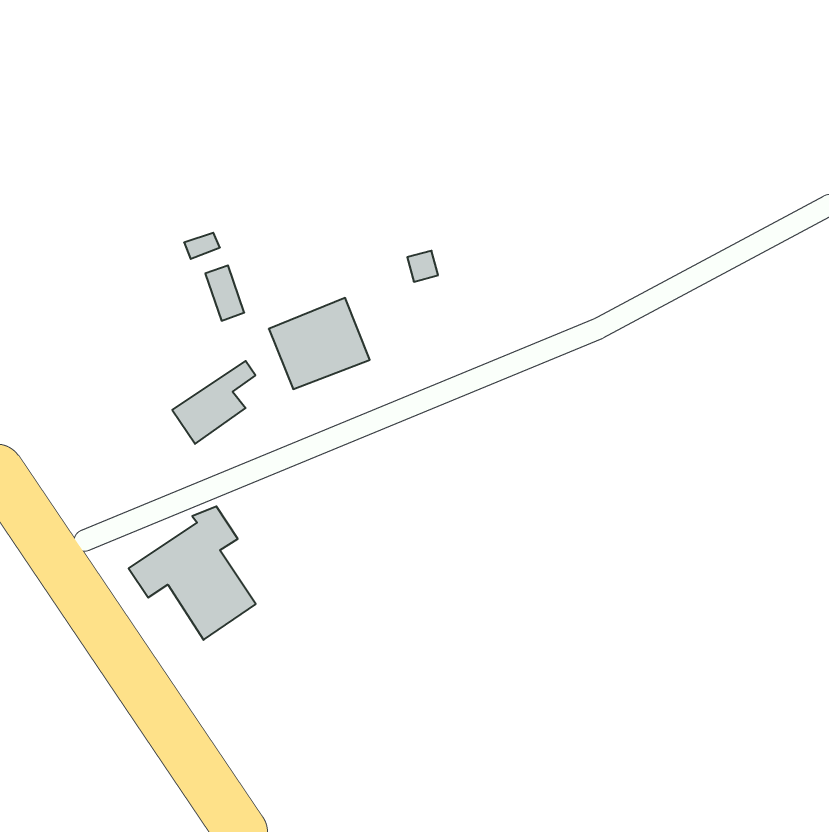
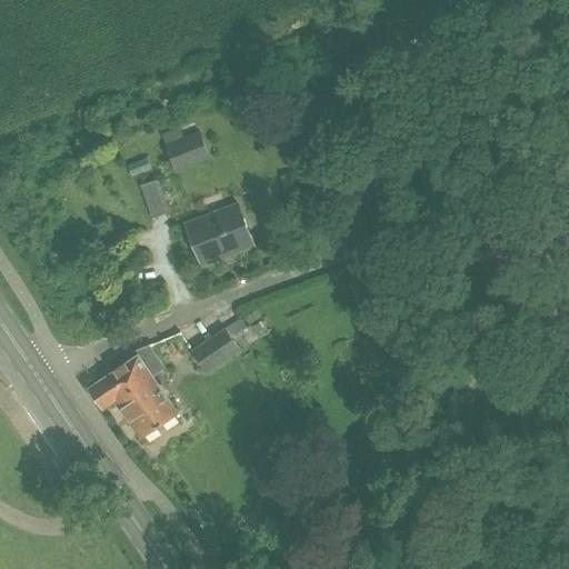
building: none -> [166,133,208,171]
building: [172,361,255,444] -> [189,317,246,373]

